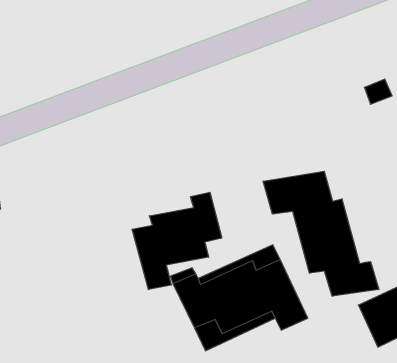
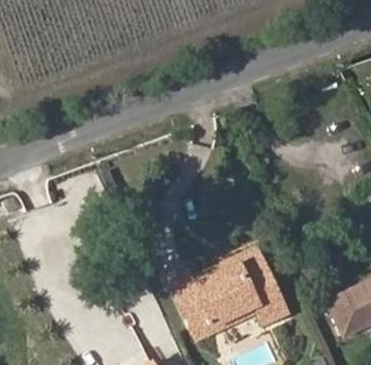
building: [263,171,379,296] -> none
building: [132,192,222,290] -> none

